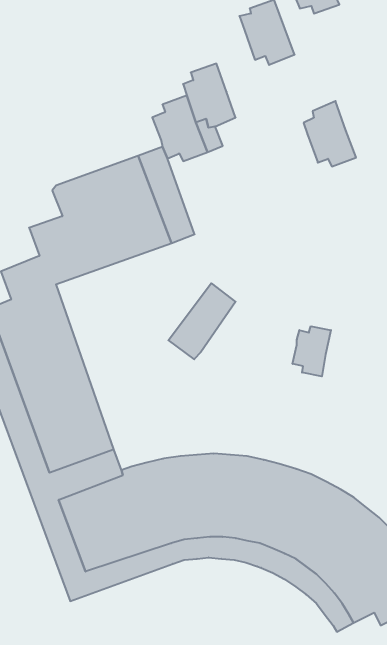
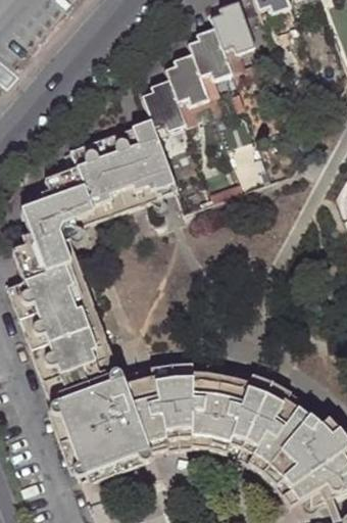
building: [304,101,356,166] -> [191,27,233,79]
building: [168,283,236,359] -> none
building: [293,326,331,376] -> none

